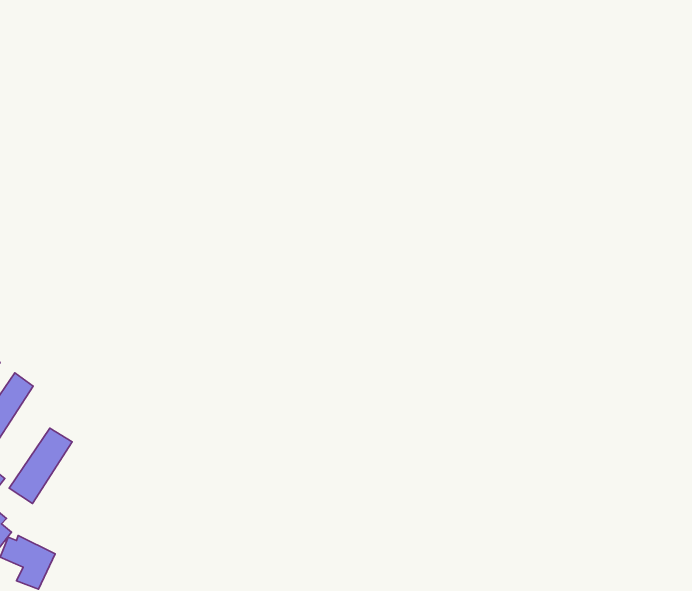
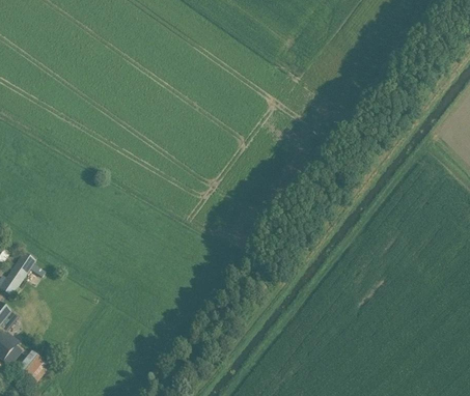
building: [9,428,72,504] -> none

